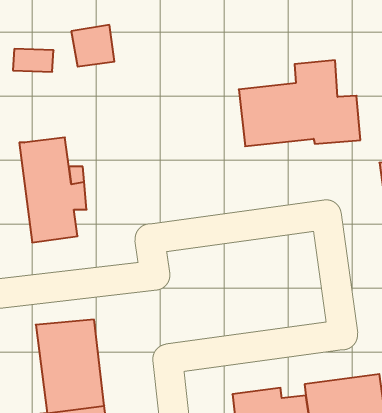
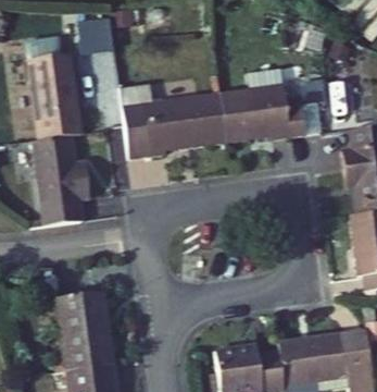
building: none -> [35,78,87,134]
building: none -> [125,88,230,154]

